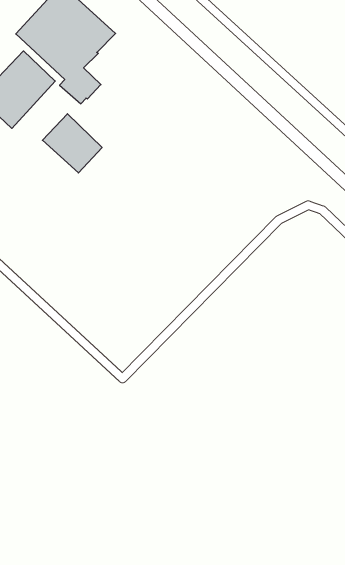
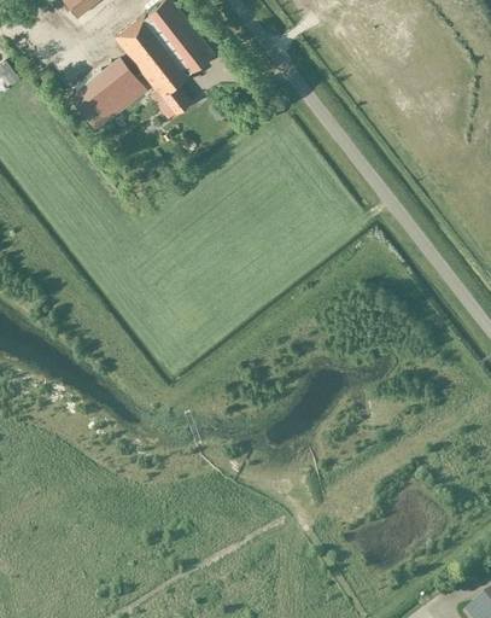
building: [42,114,102,173] -> none

